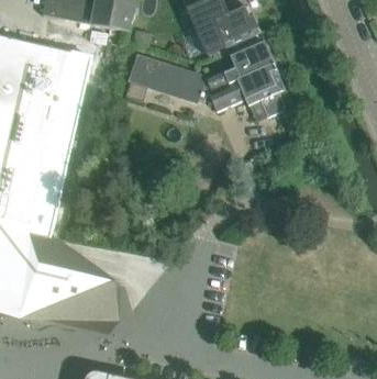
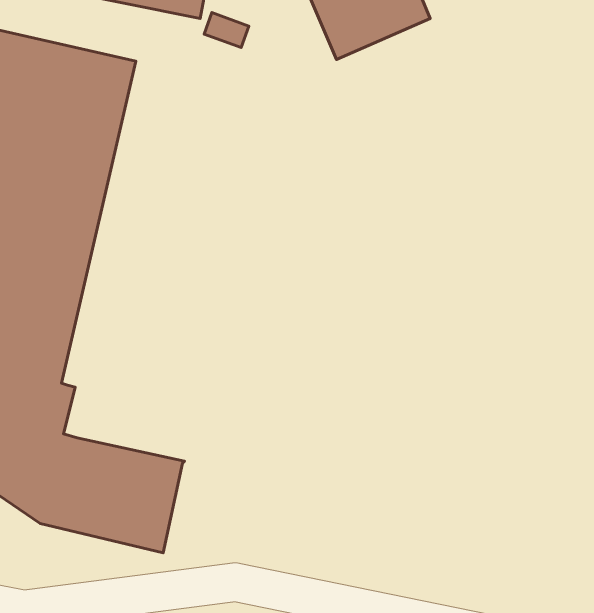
building: [130,38,284,115] -> none

